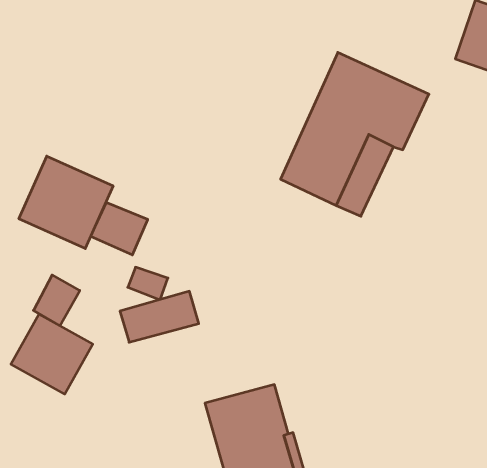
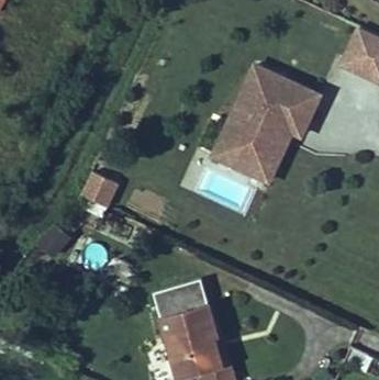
building: [19,156,113,249] -> none
building: [120,291,199,342] -> [153,278,209,314]
building: [11,314,93,394] -> none

